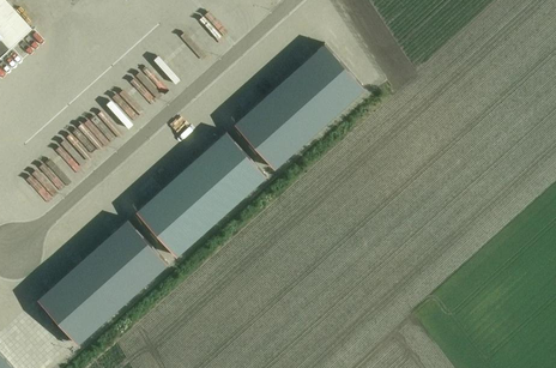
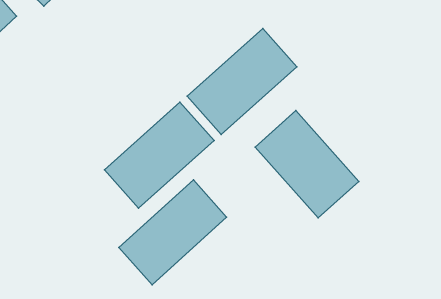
building: none -> [255,111,359,218]
building: [38,222,167,346] -> [119,180,227,285]

